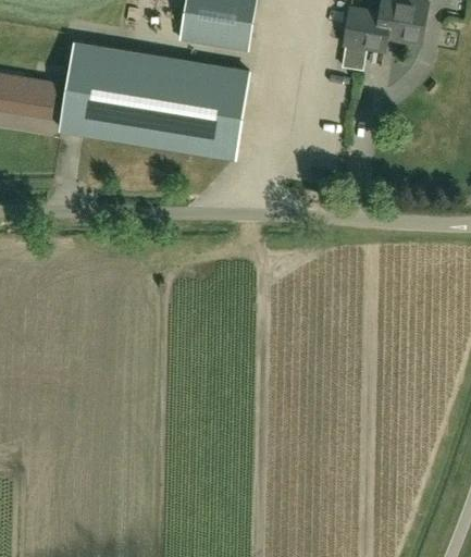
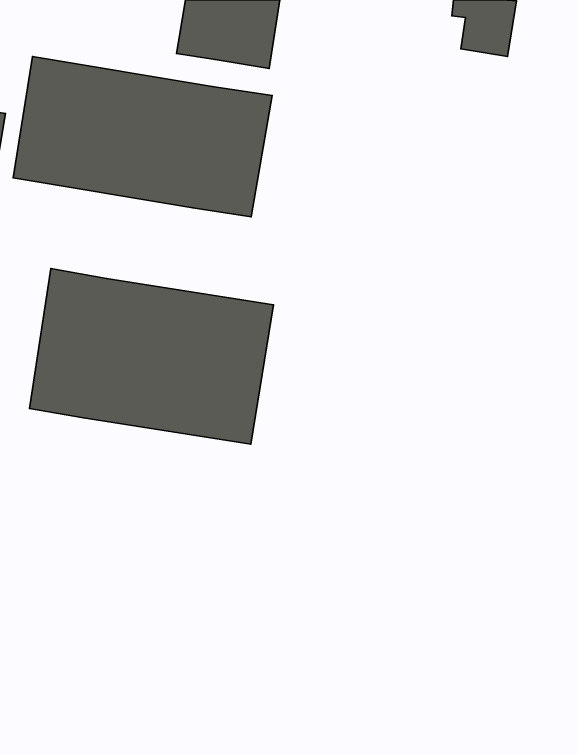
building: [340,8,388,70] -> none
building: none -> [29,269,274,444]

